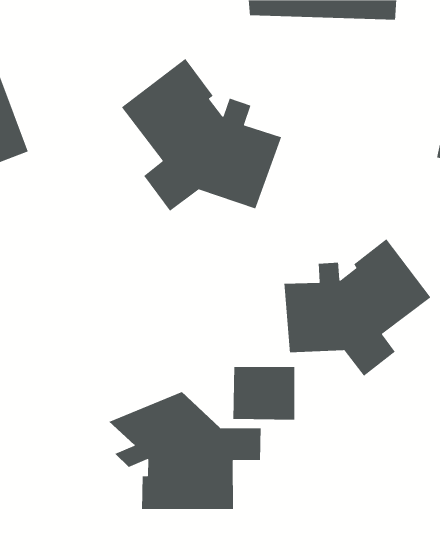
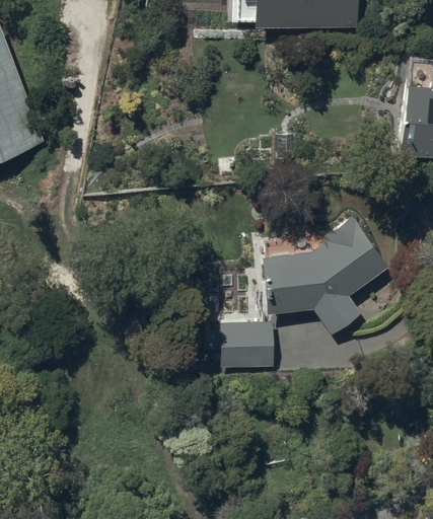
building: [121,58,282,212] -> none
building: [108,391,262,510] -> none

